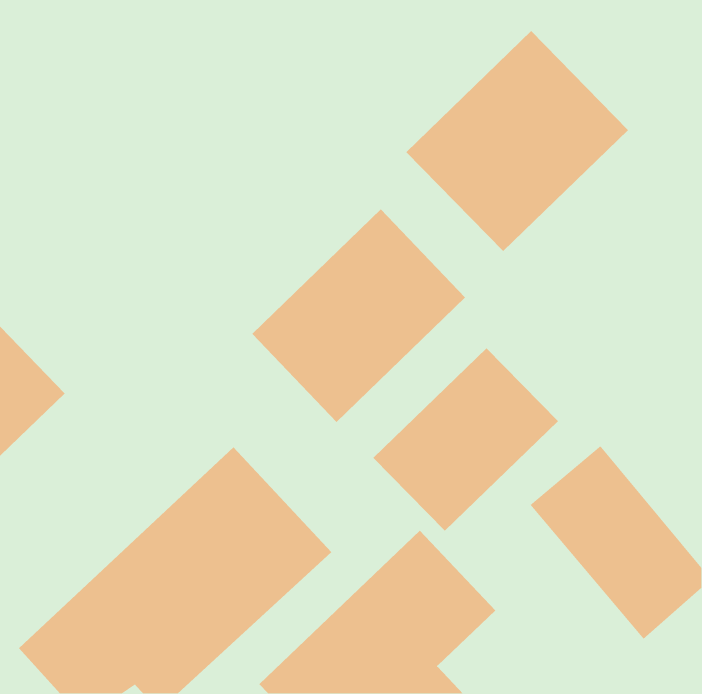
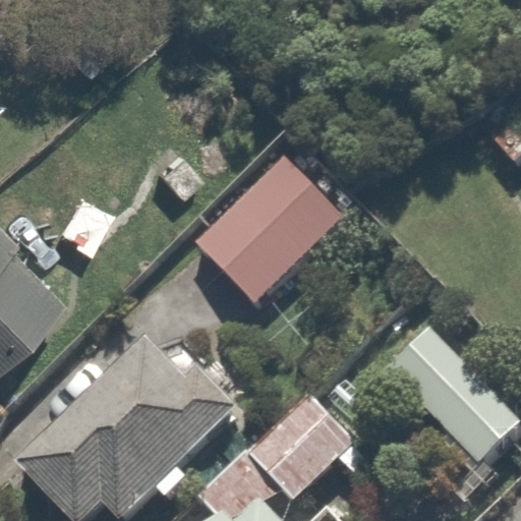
building: [405,30,629,252] -> none
building: [372,347,559,531] -> none

